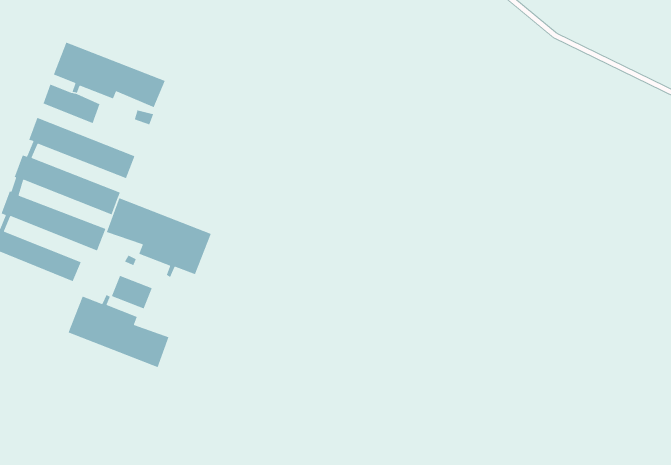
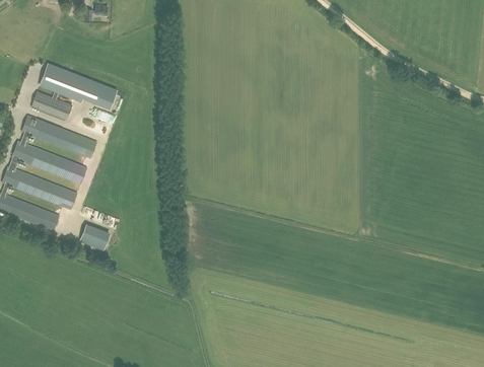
building: [106,197,212,278] -> none
building: [67,294,170,368] -> none

